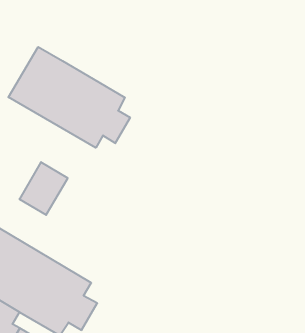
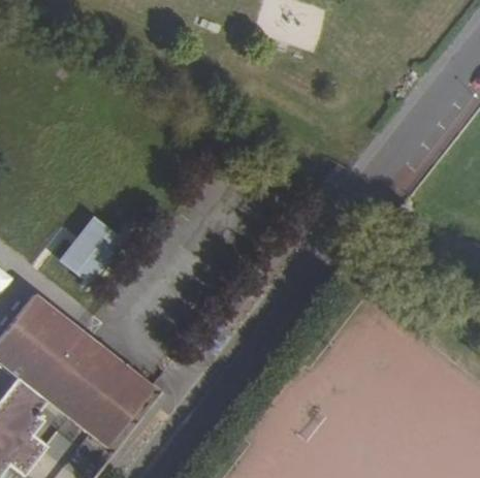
building: [8,47,130,148] -> none

